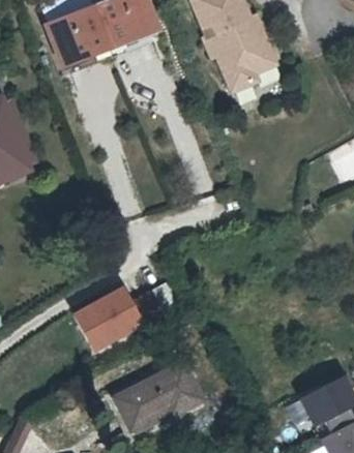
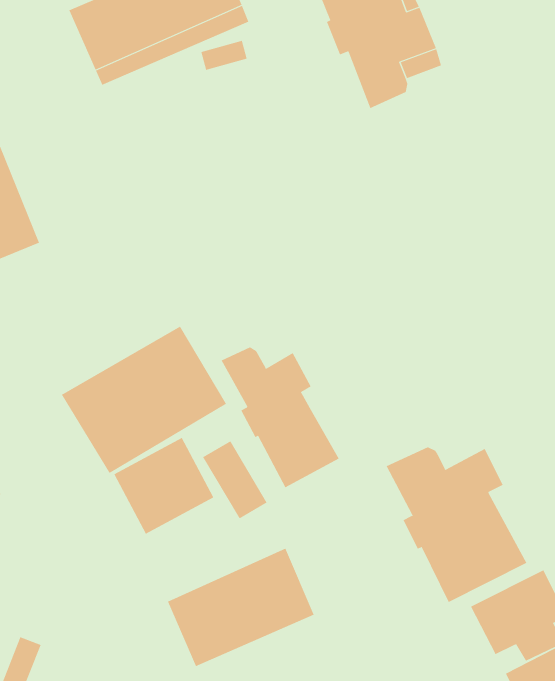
building: none -> [61,326,227,474]
building: none -> [221,346,339,488]
building: none -> [386,447,527,603]

